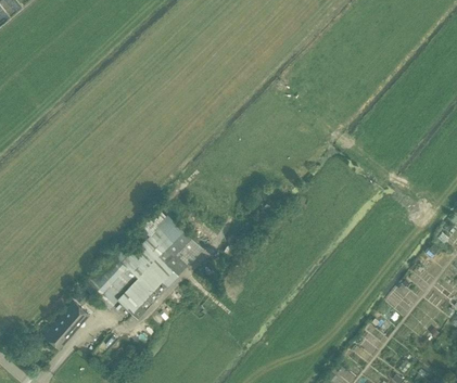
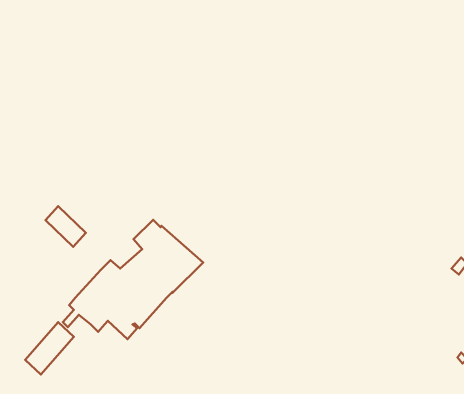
building: none -> [45,206,86,247]

